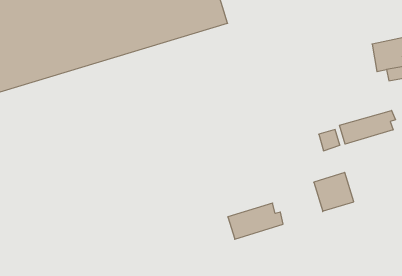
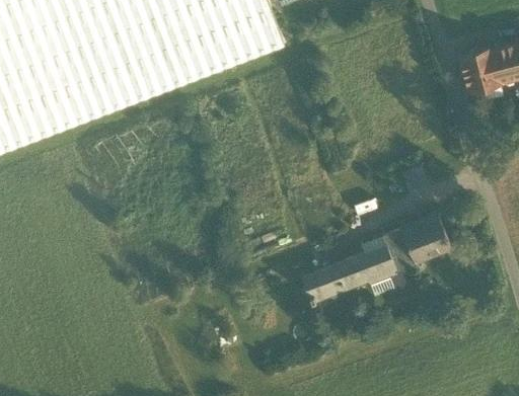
building: [340,110,396,144] -> none
building: none -> [354,229,418,285]

